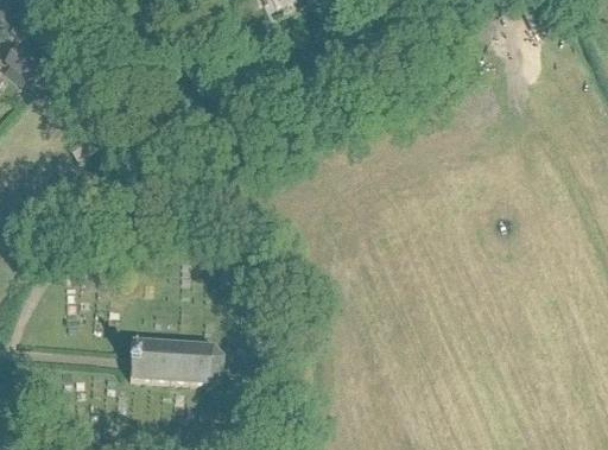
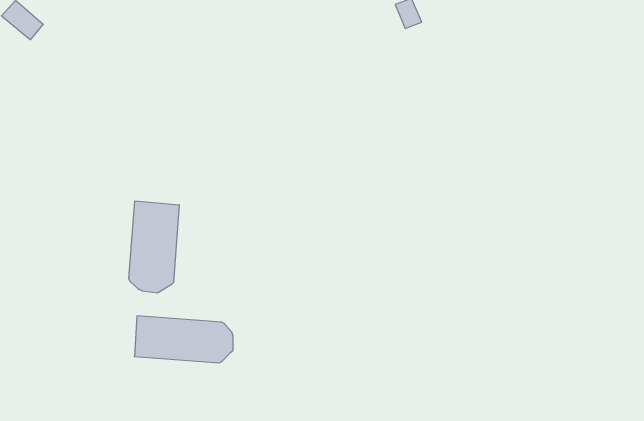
building: none -> [129,201,179,293]

